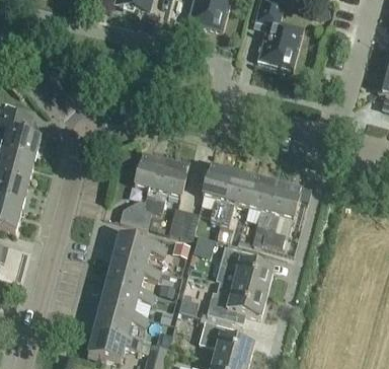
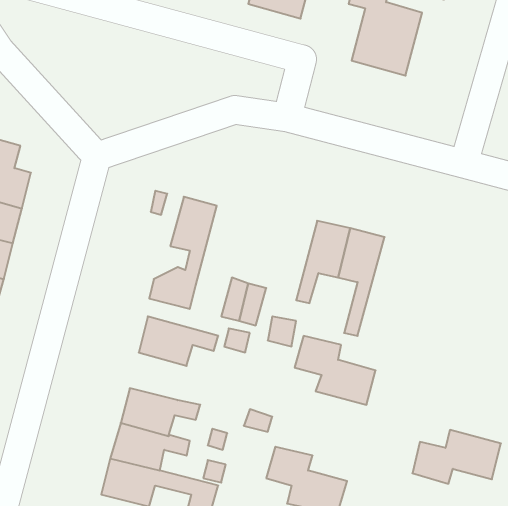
building: [151,158,188,215] -> none
building: [202,162,233,222] -> none
building: [261,179,301,247] -> none
building: [106,257,160,290] -> none
building: [207,284,266,320] -> [412,430,501,484]

